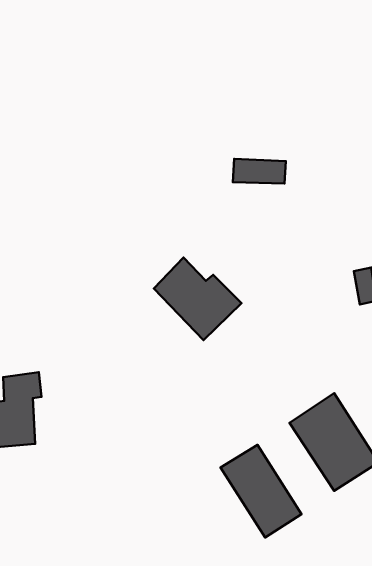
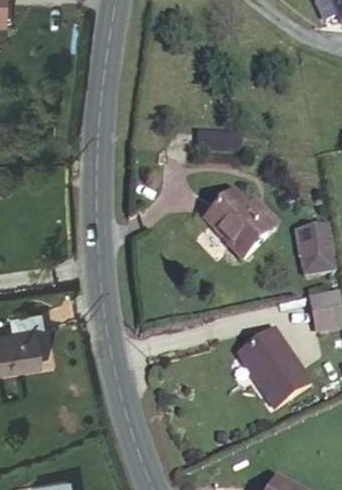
building: [154,257,242,340] -> [201,192,272,259]
building: [220,445,302,537] -> none

